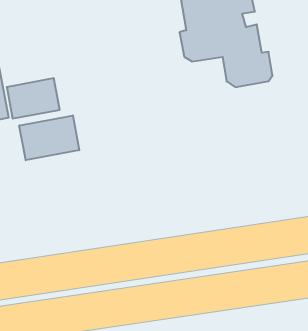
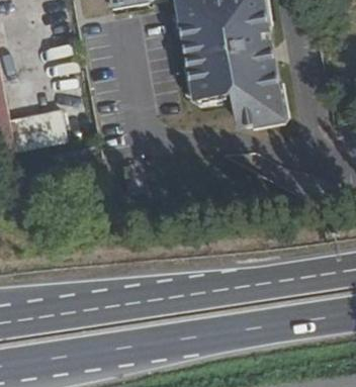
building: [19,115,79,160] -> none

